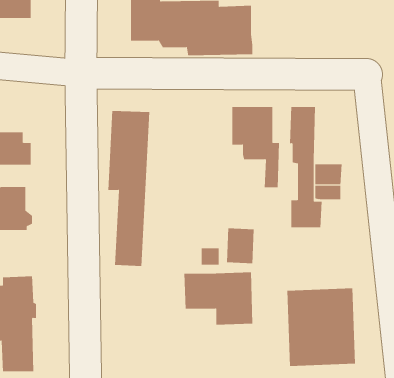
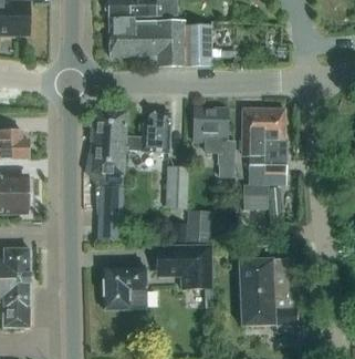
building: none -> [263,107,285,155]
building: none -> [126,112,169,152]
building: none -> [165,165,187,204]
building: none -> [104,267,147,309]

